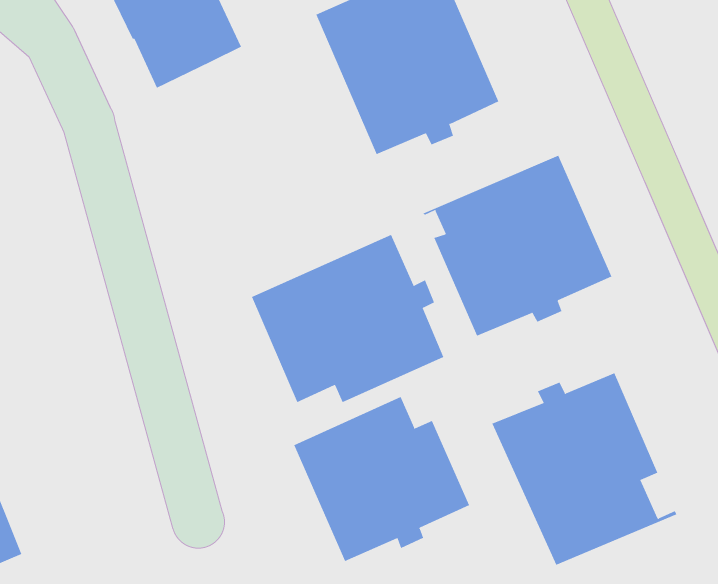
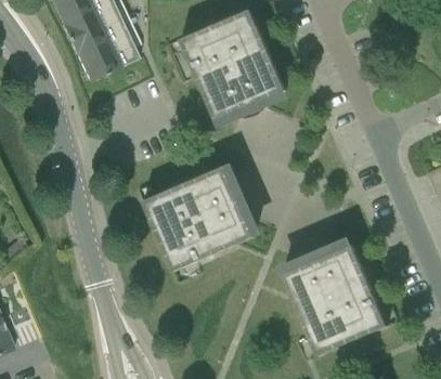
building: [422,155,612,336] -> none
building: [293,396,470,562] -> none

